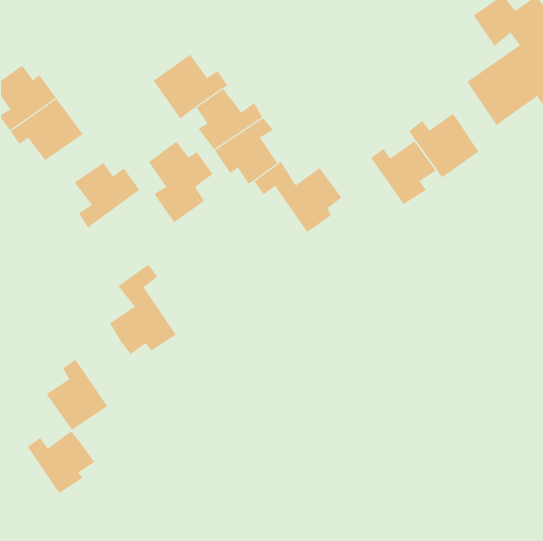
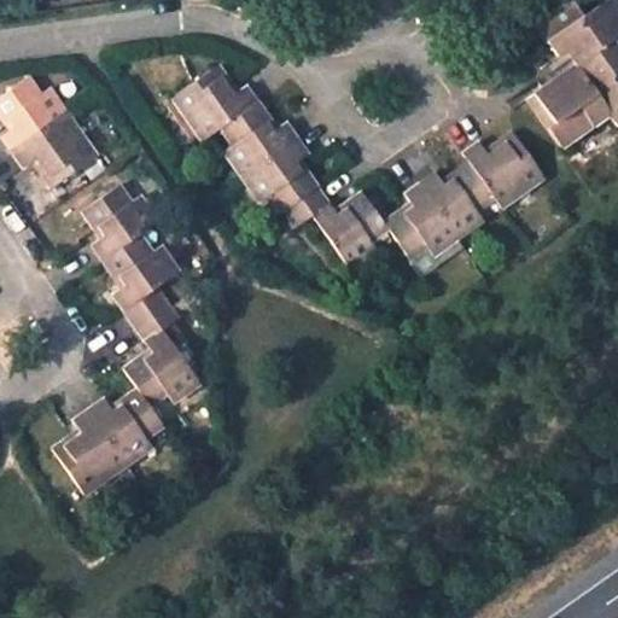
building: [148,141,213,223] -> [106,235,180,328]
building: none -> [385,183,457,258]
building: [27,431,95,494] -> [88,392,165,464]

